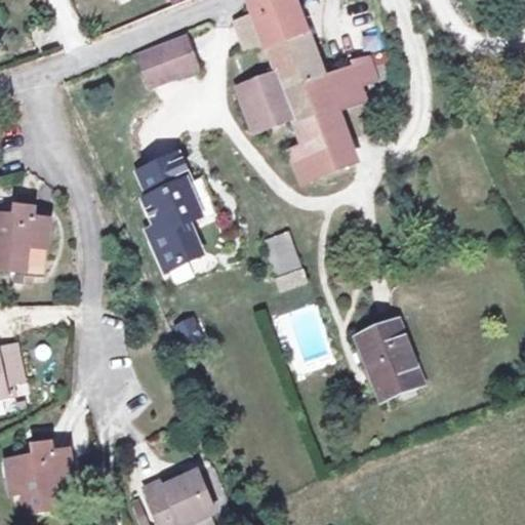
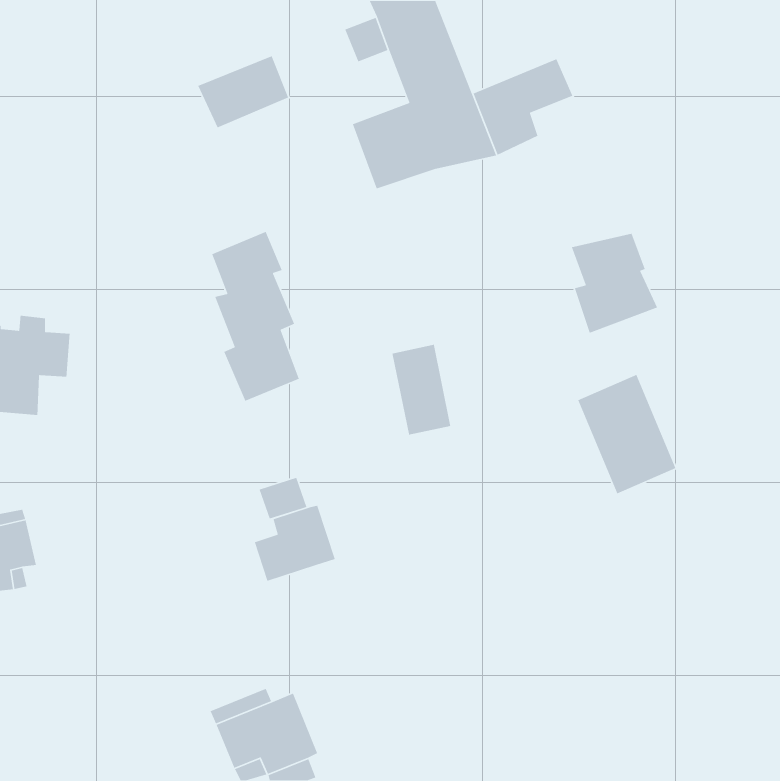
building: [292,105,351,172] -> [571,233,658,334]
building: [364,325,431,406] -> [577,374,677,495]
building: none -> [254,505,336,582]
building: [9,442,76,511] -> none

